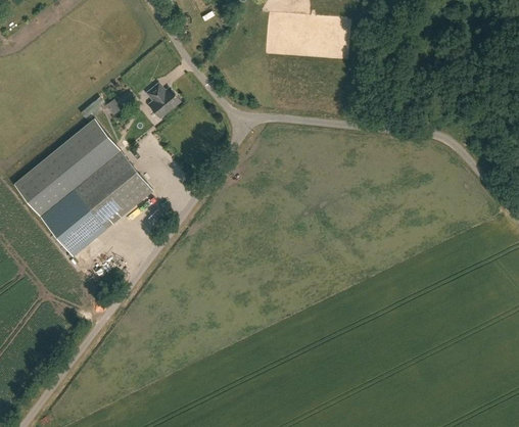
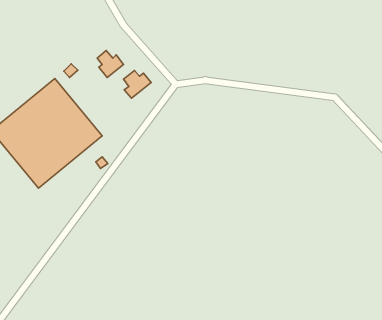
building: none -> [124,71,151,98]

